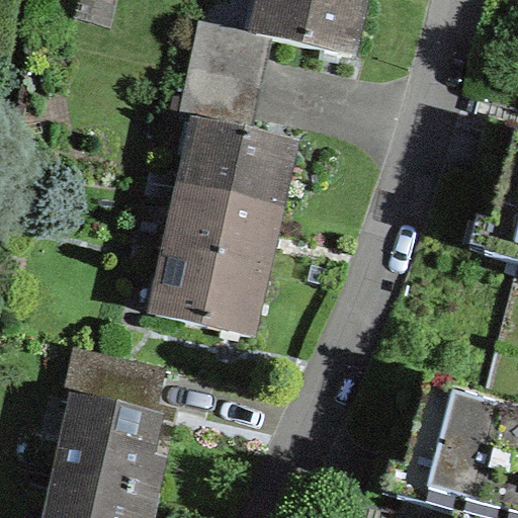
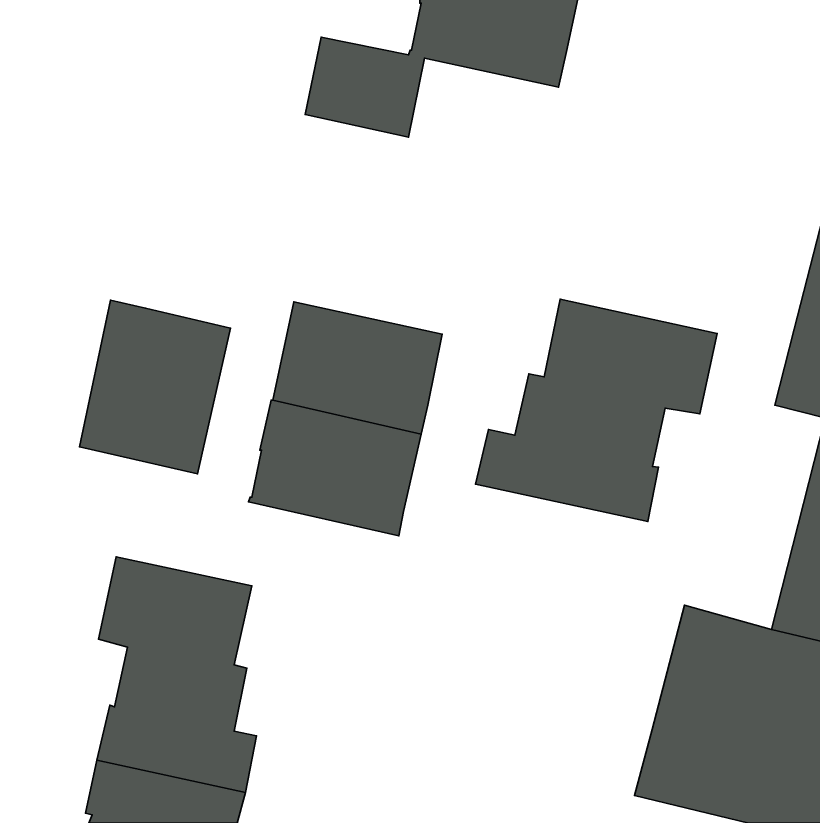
building: [183,72,294,209] -> none
building: none -> [476,299,717,521]
building: none -> [80,300,230,474]

